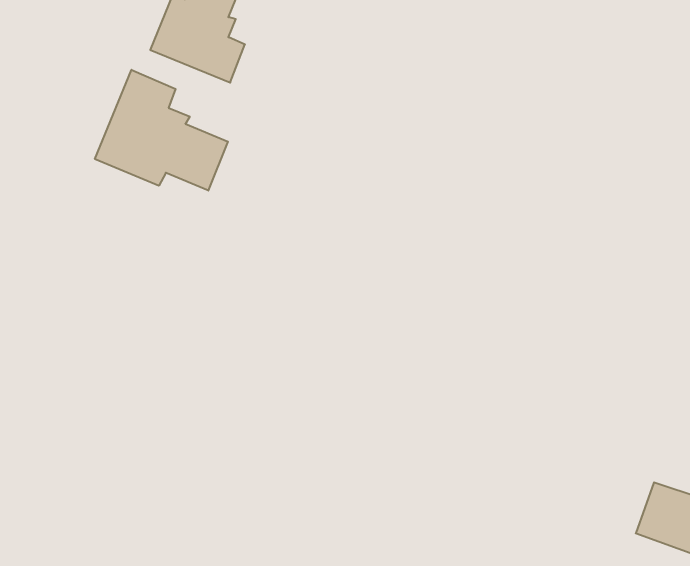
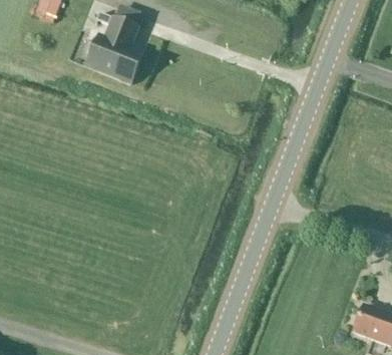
building: [95,70,228,191] -> none

